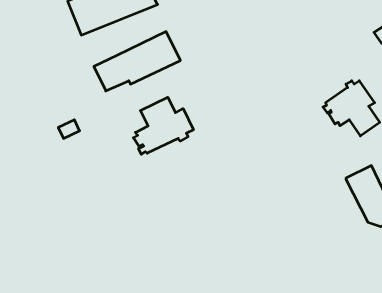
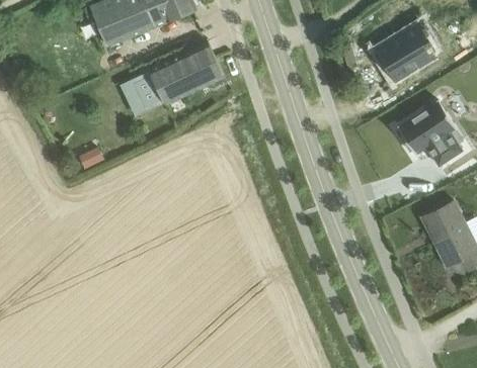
building: none -> [379,21,439,76]
building: [133,97,193,154] -> none

